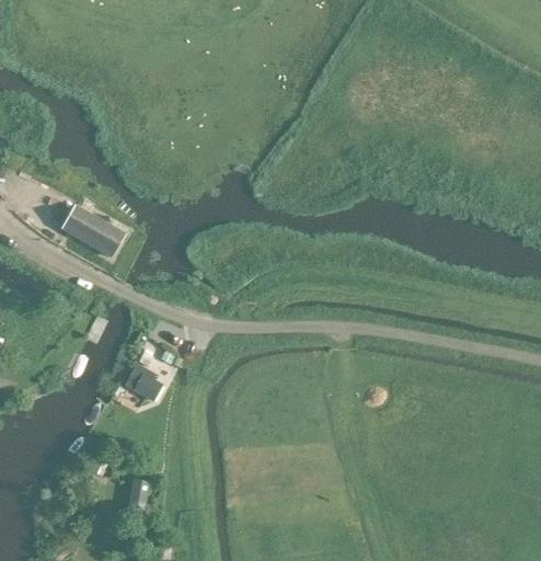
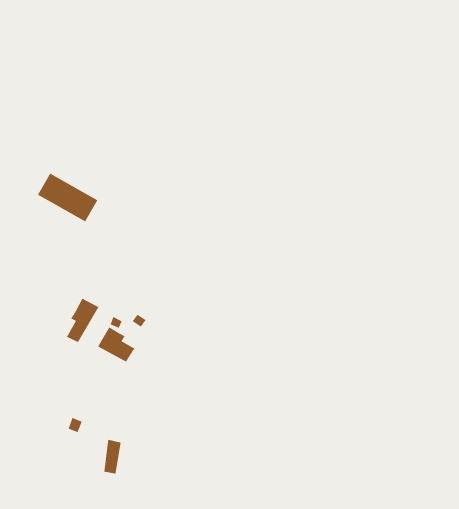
building: none -> [66,298,99,343]

